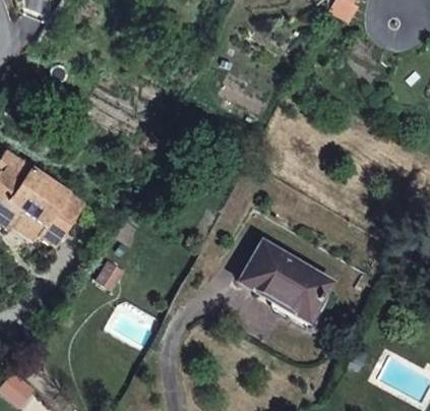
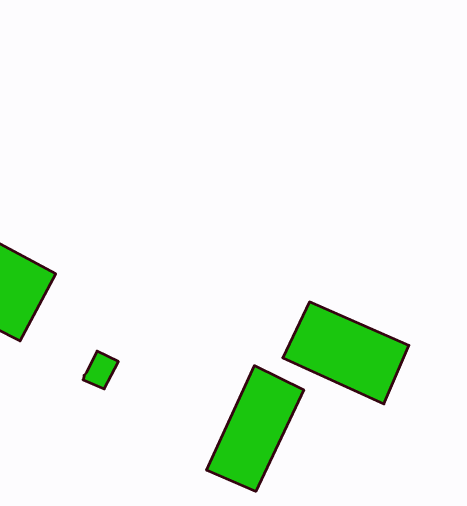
building: none -> [207,366,304,491]

